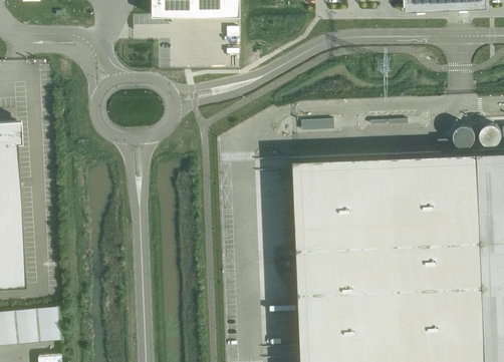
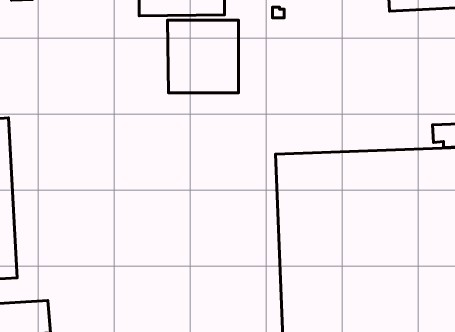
building: none -> [167,20,239,93]

